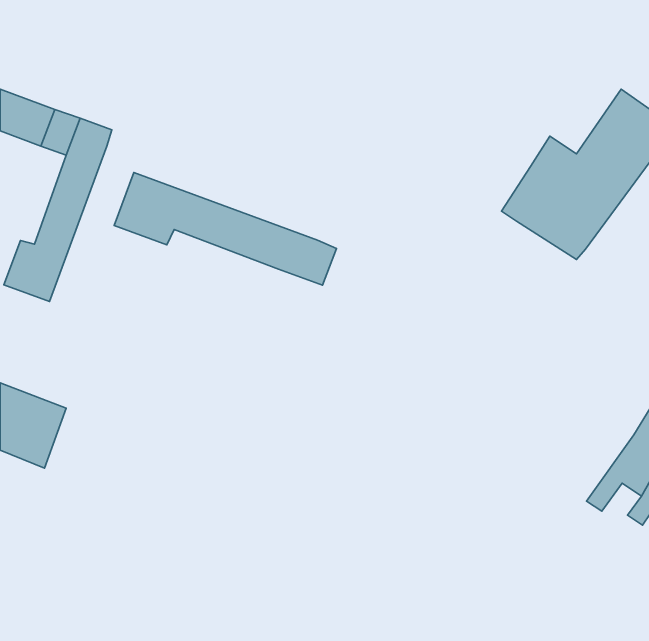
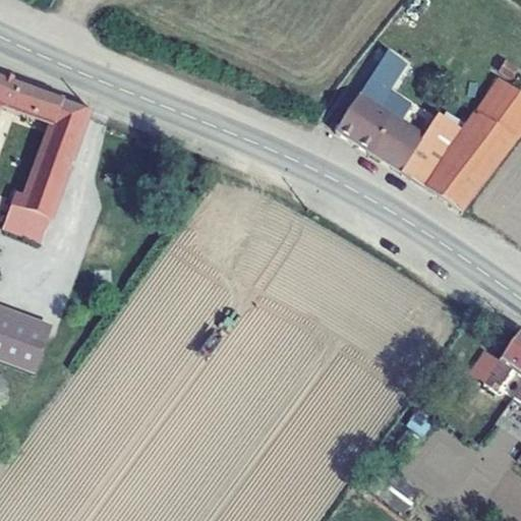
building: none -> [336,62,425,169]
building: [114,173,336,285] -> none

